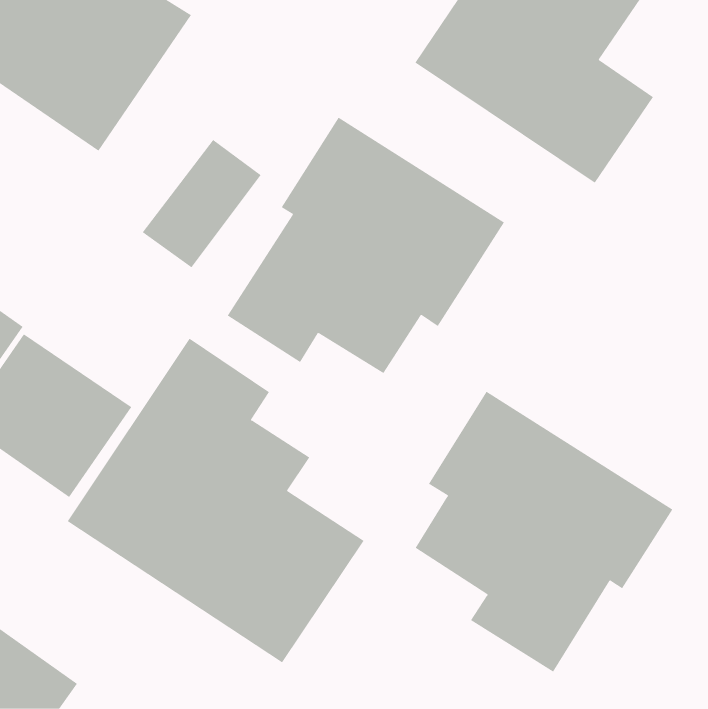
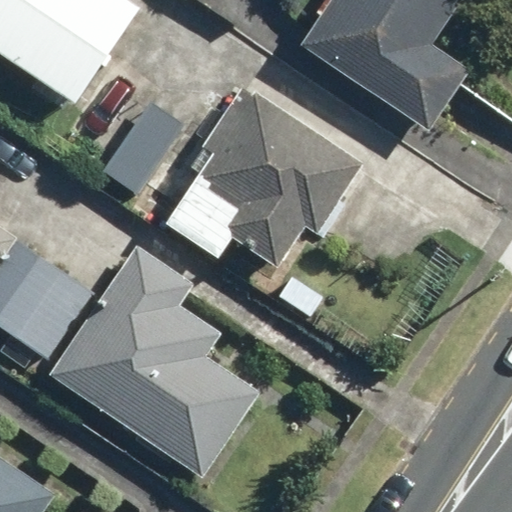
building: [415,391,673,672] -> none

